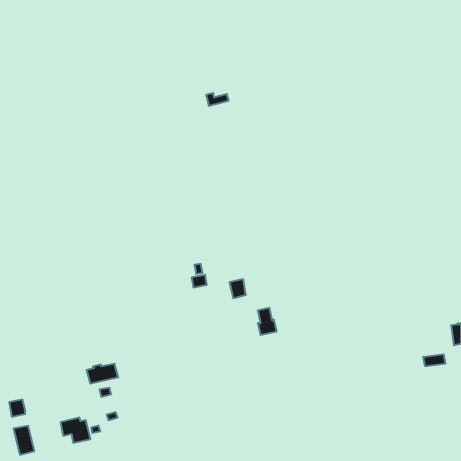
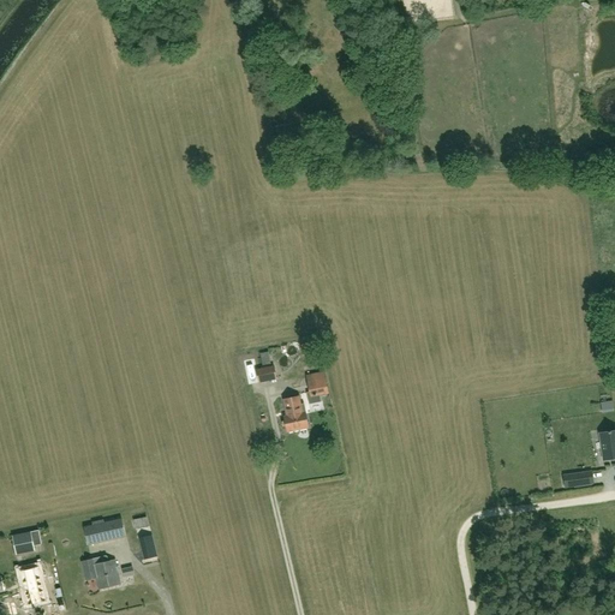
building: [258,308,277,335] -> [282,395,308,431]
building: [87,364,118,384] -> [83,518,125,544]

